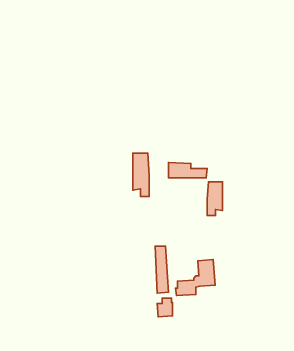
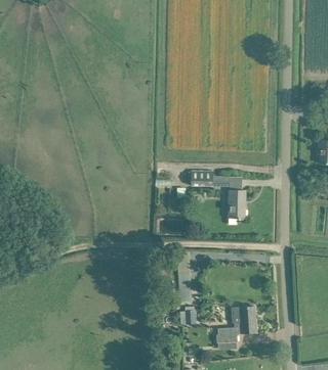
building: [133,153,149,197] -> none
building: [175,260,215,295] -> [216,306,256,341]

